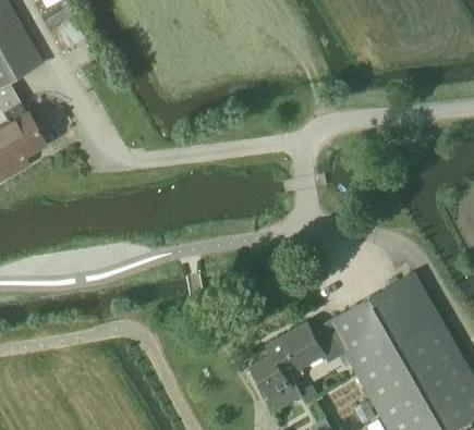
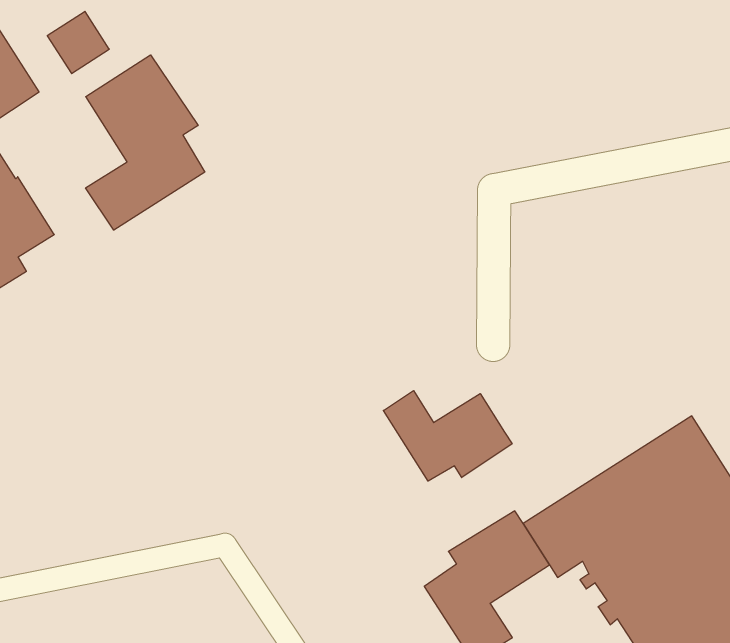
building: none -> [86,55,205,230]
building: none -> [383,391,512,481]

